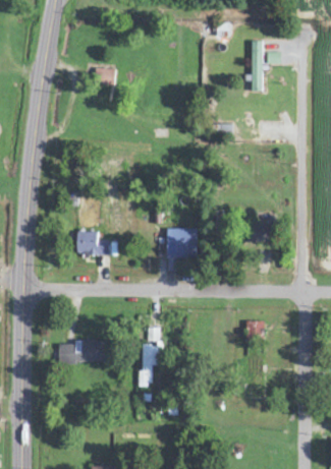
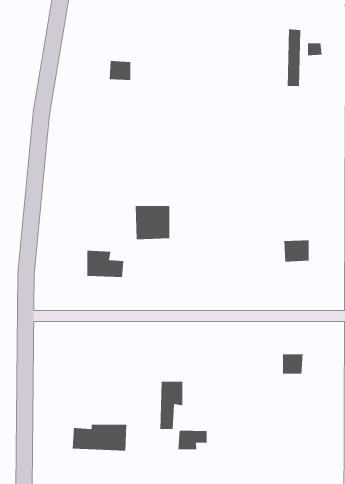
building: [166,228,197,257] -> [135,206,170,240]
building: [58,340,106,363] -> [72,424,127,451]
building: none -> [178,430,207,450]

